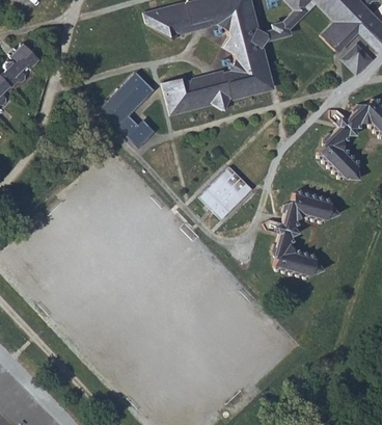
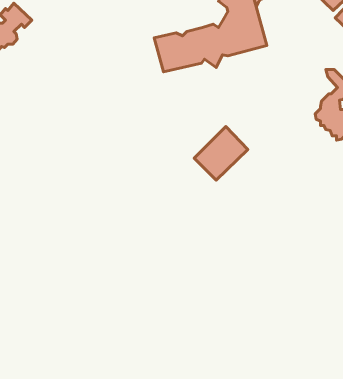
building: [101,73,154,145] -> none
building: [264,190,337,278] -> none

